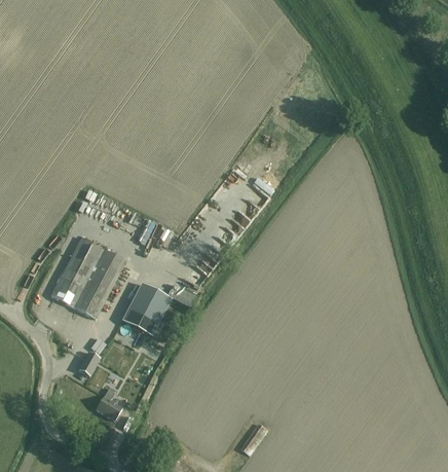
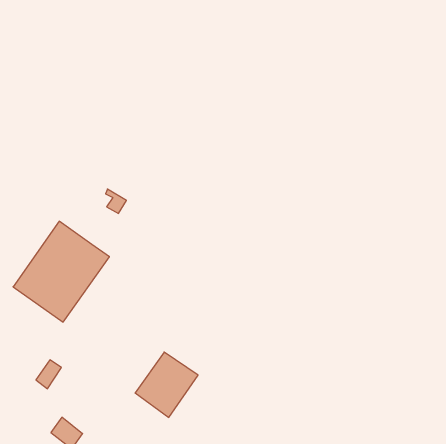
building: [122,283,172,335] -> [135,352,198,417]

